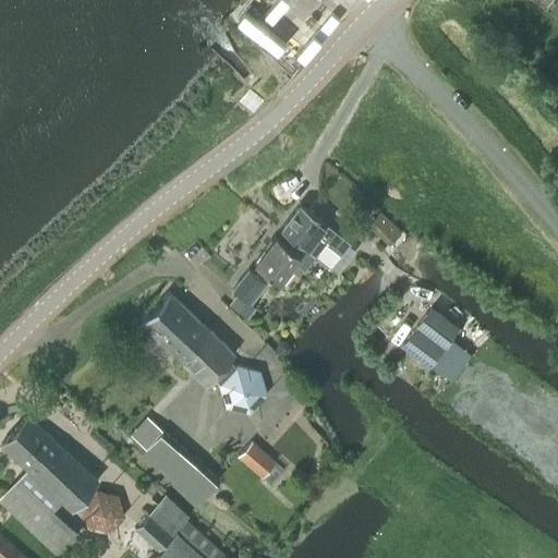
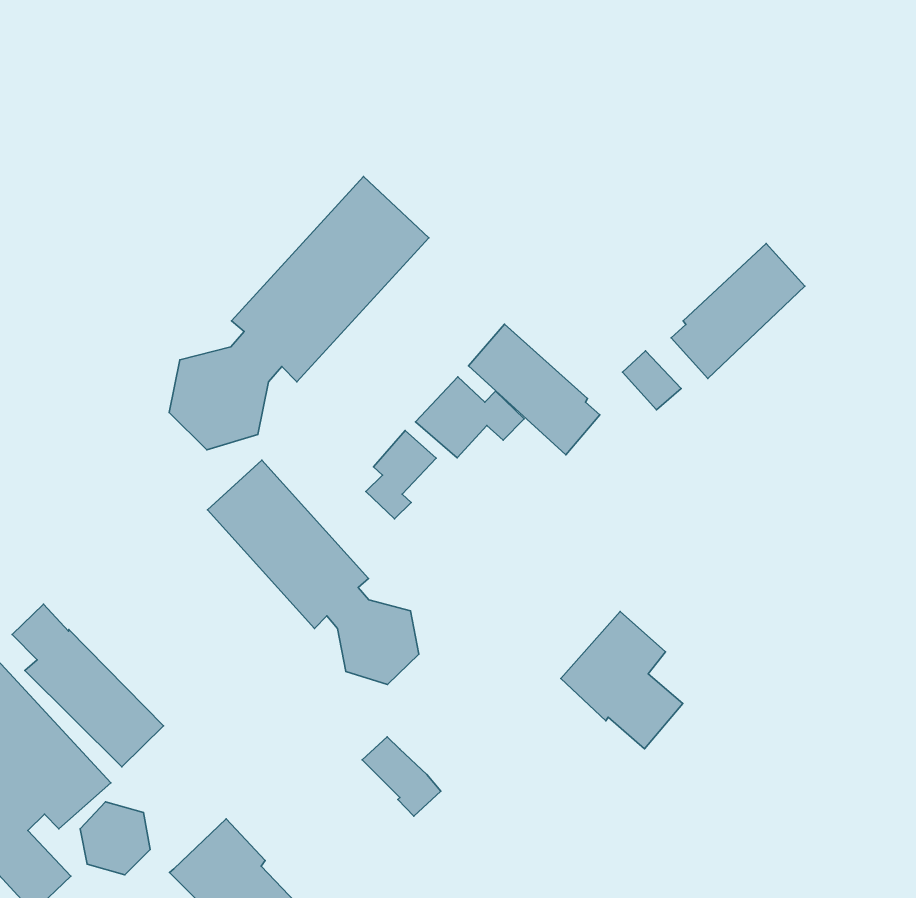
building: none -> [169,177,429,450]
building: none -> [671,244,805,379]
building: [403,307,473,384] -> [561,612,683,749]
building: [131,418,220,507] -> [12,604,164,767]

